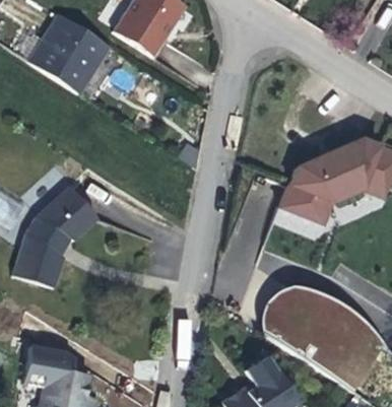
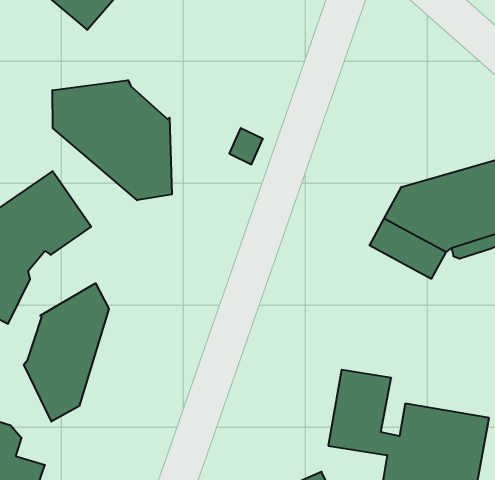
building: none -> [52,80,172,200]
building: none -> [24,283,109,422]

